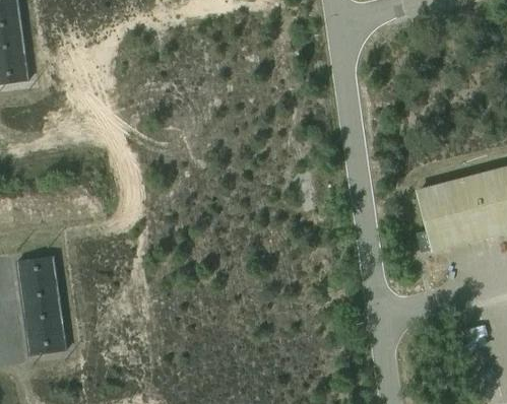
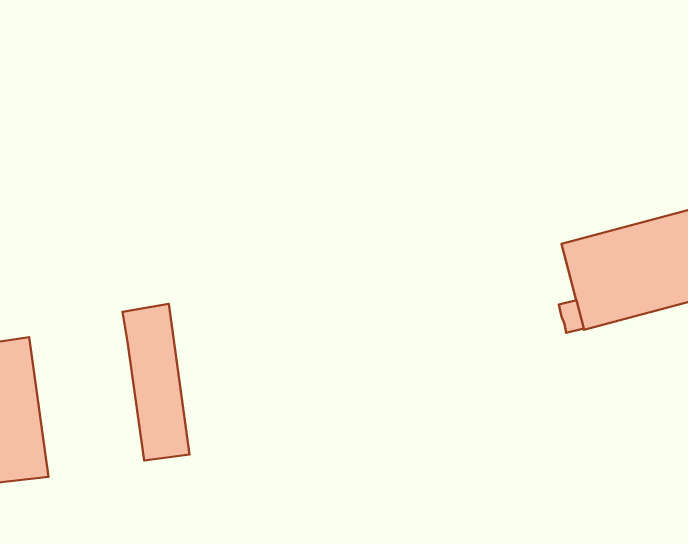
building: none -> [122,304,190,460]

